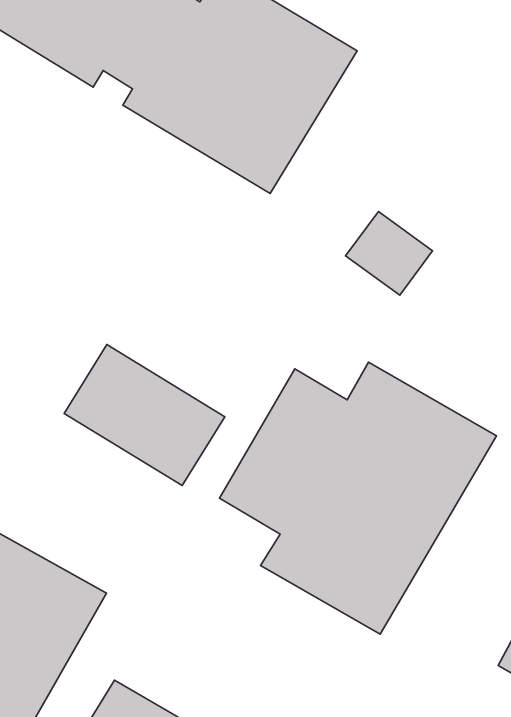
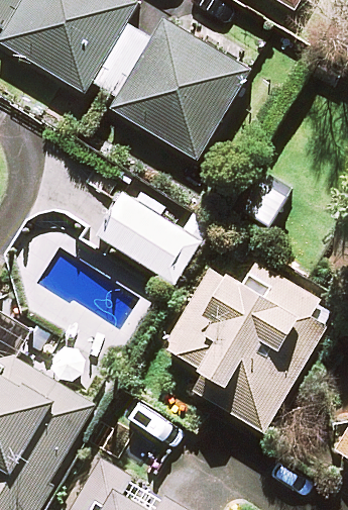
building: [64,345,225,486] -> [102,196,201,283]

